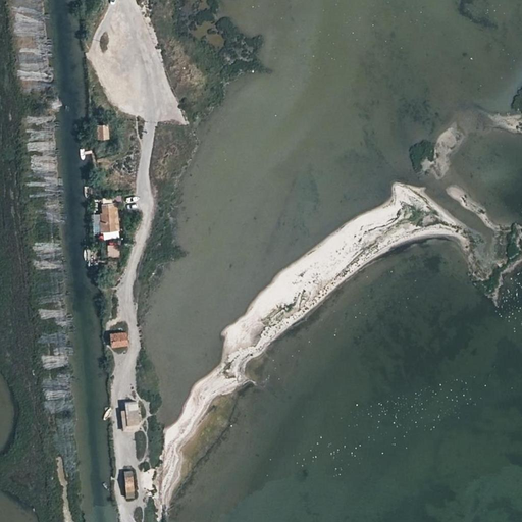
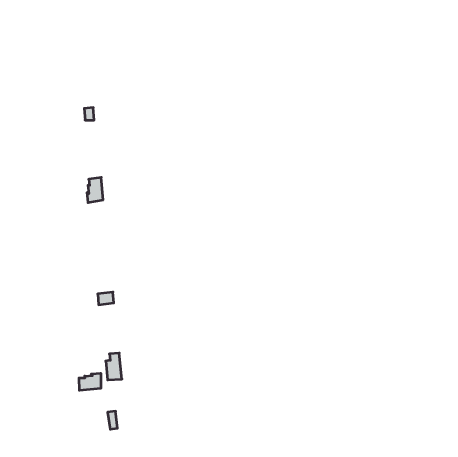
building: none -> [79,373,101,390]

